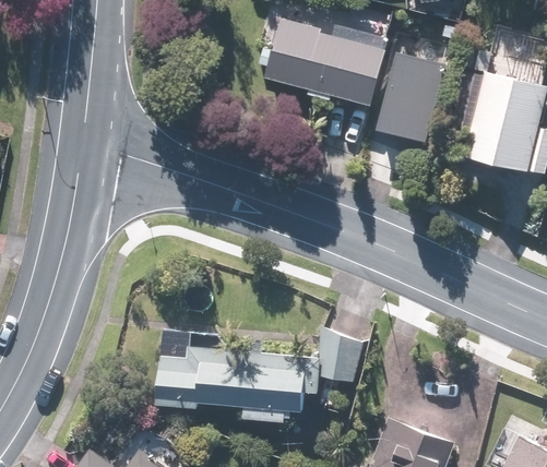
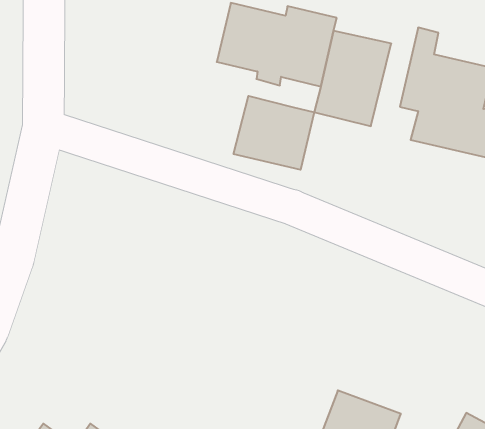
building: none -> [234,96,314,170]
building: [155,330,366,423] -> none

